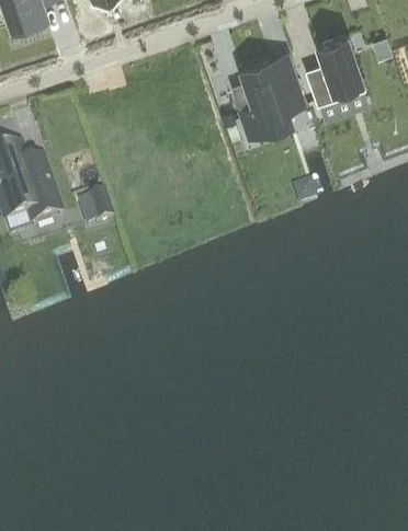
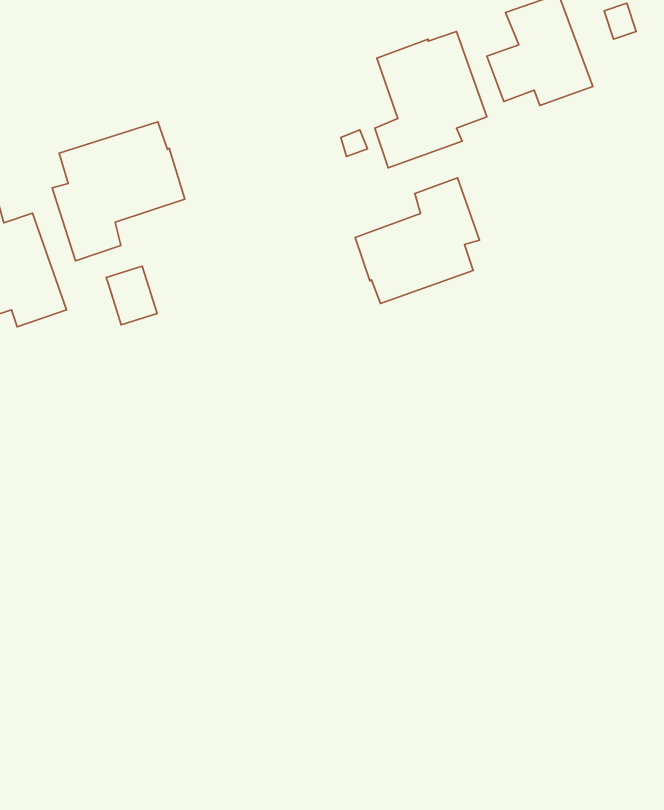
building: none -> [52,122,185,261]
building: none -> [355,178,479,303]

